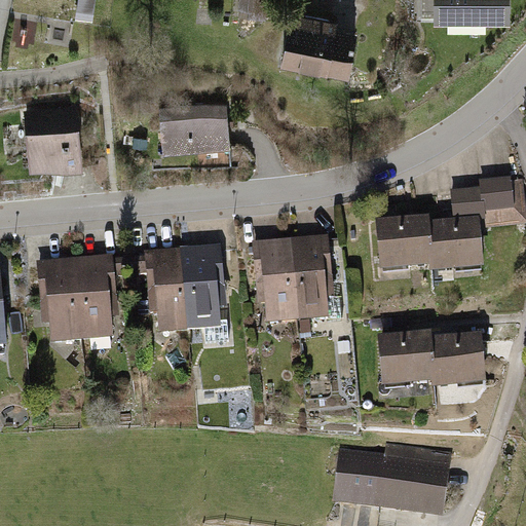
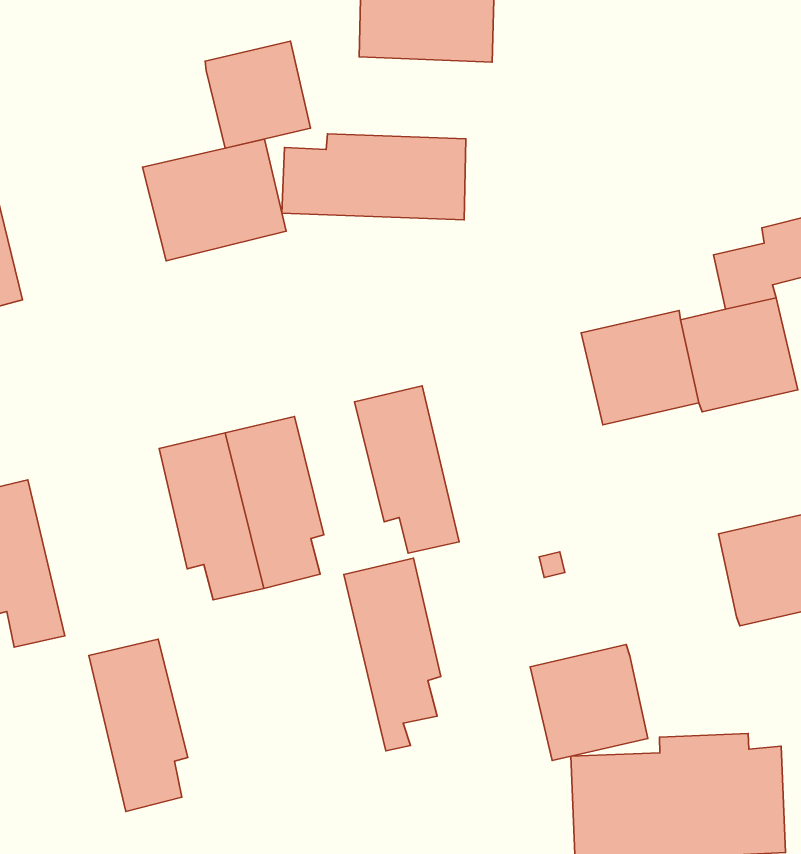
building: none -> [205,41,310,148]
building: none -> [282,134,466,220]
building: [288,234,331,334] -> [344,558,441,751]
building: [72,253,116,341] -> [89,639,188,811]
building: [379,333,436,388] -> [530,645,648,761]

